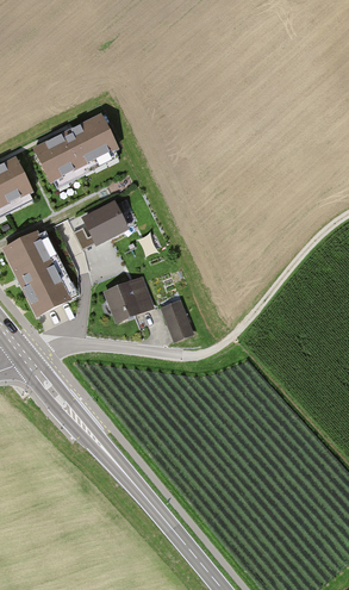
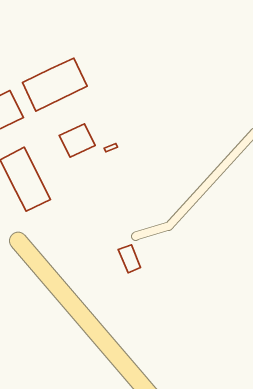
building: [107,275,152,316] -> none
building: [162,300,192,337] -> [118,245,141,273]

